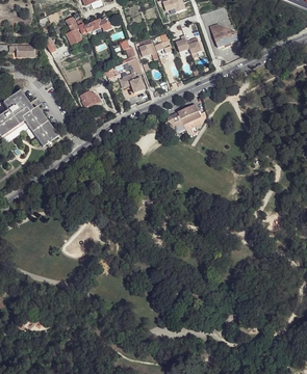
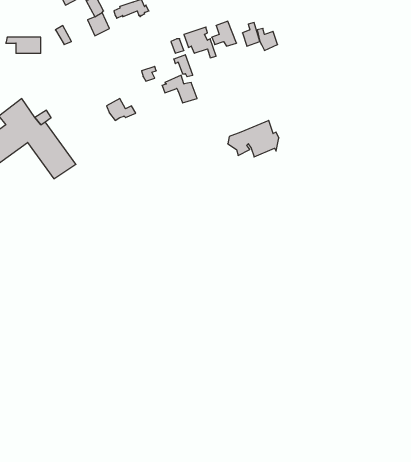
building: [210,24,238,47] -> none

